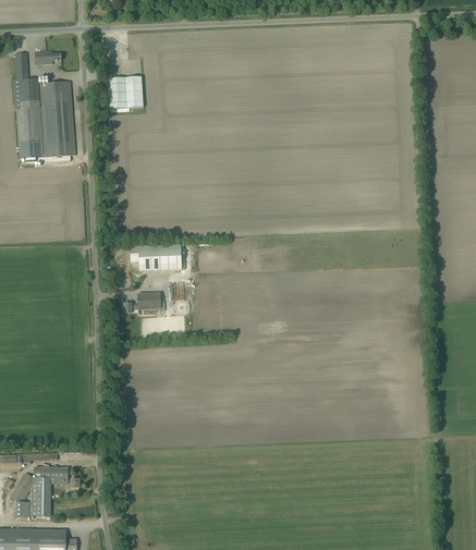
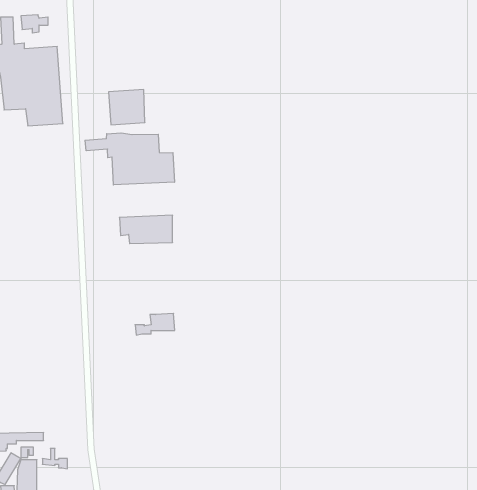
building: [108,76,143,110] -> [109,90,145,125]
building: none -> [85,133,174,185]
building: [123,293,161,314] -> [135,313,175,335]

